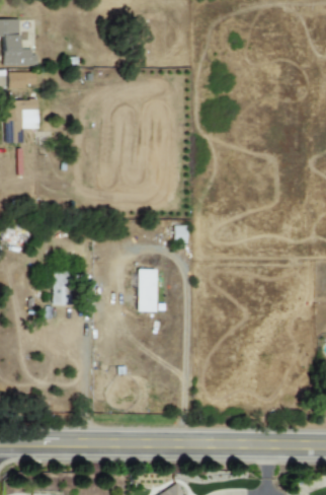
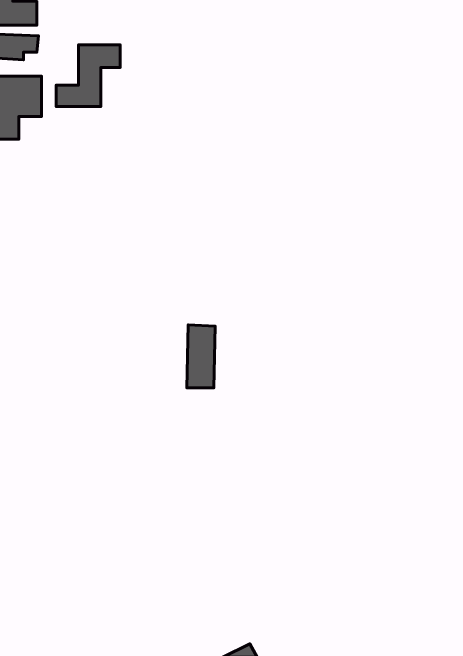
building: none -> [56,45,120,107]
building: [53,272,76,306] -> none

